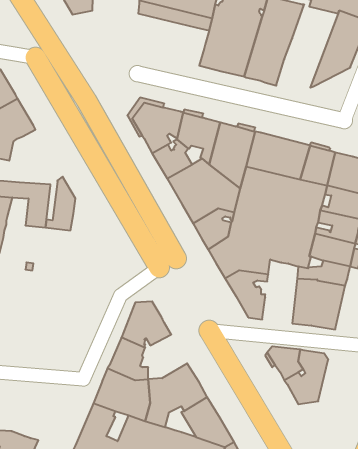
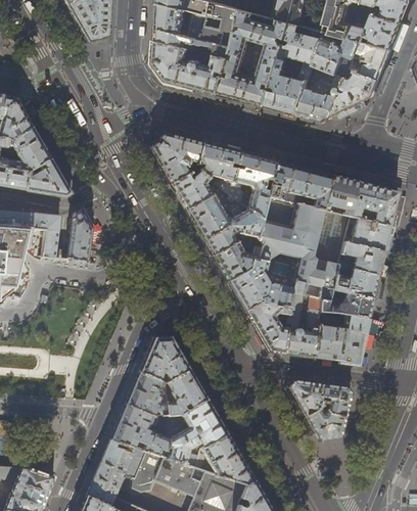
building: none -> [296,31,360,120]
building: none -> [154,40,228,93]
building: none -> [24,158,69,197]
building: none -> [282,291,319,357]
building: none -> [164,368,205,414]

